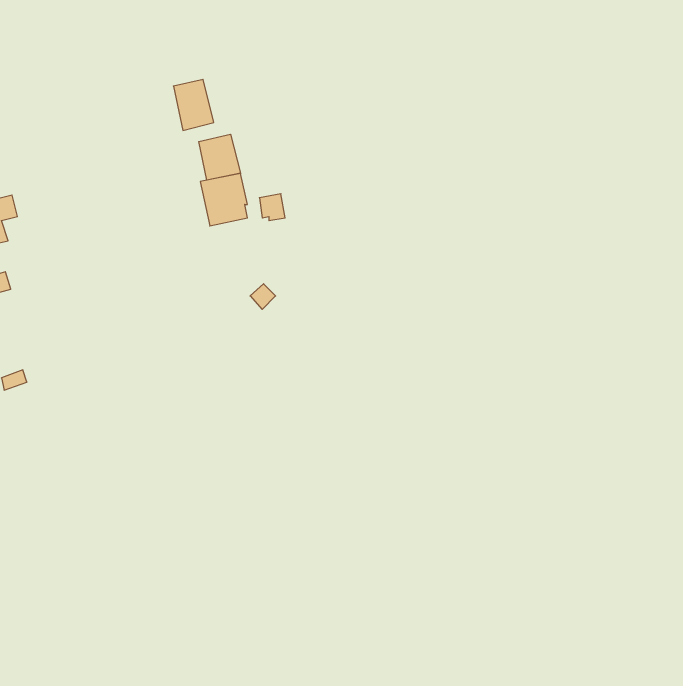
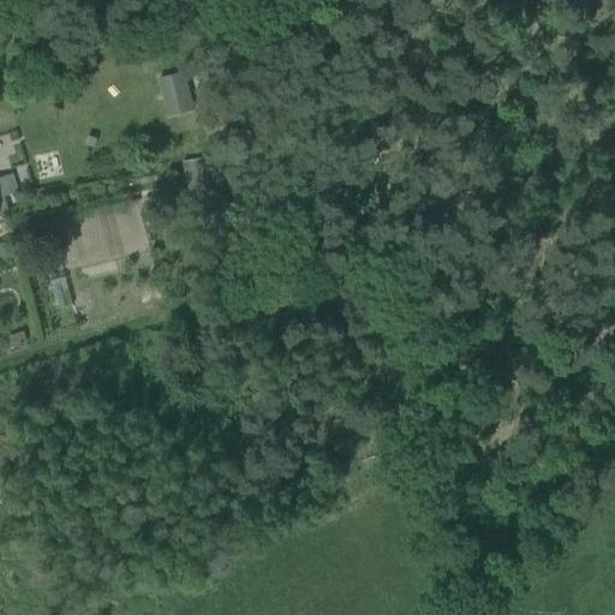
building: [199,134,241,180] -> none

